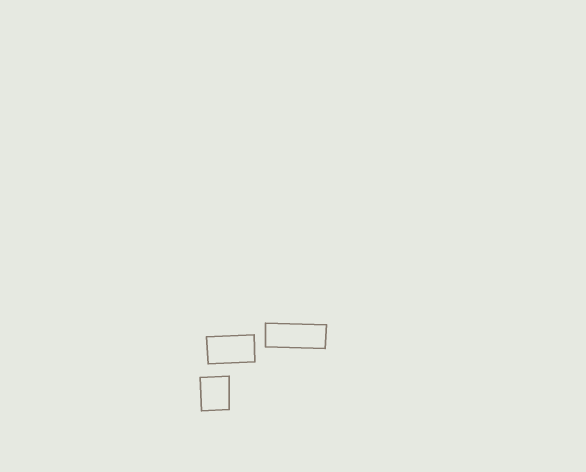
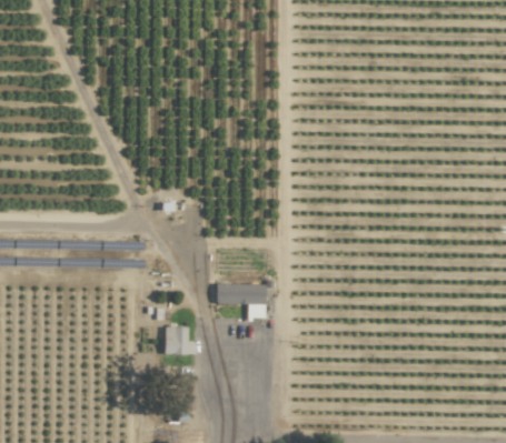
building: [206,335,255,364] -> none

